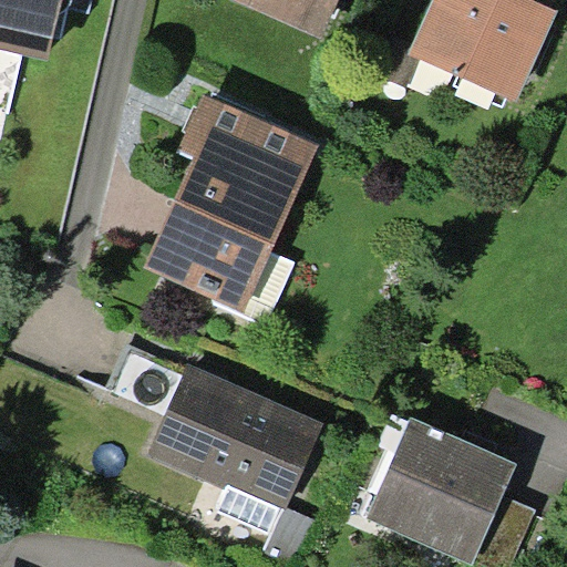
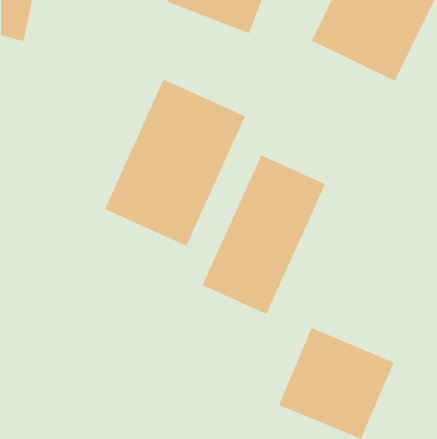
building: none -> [202,155,326,315]
building: [157,361,327,501] -> none

